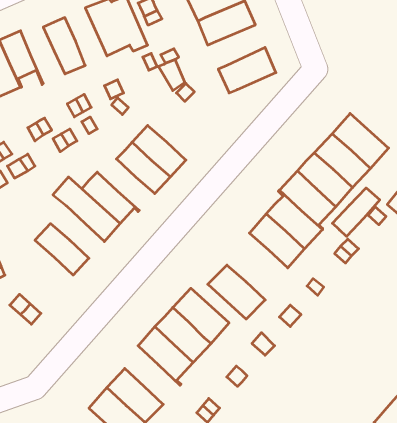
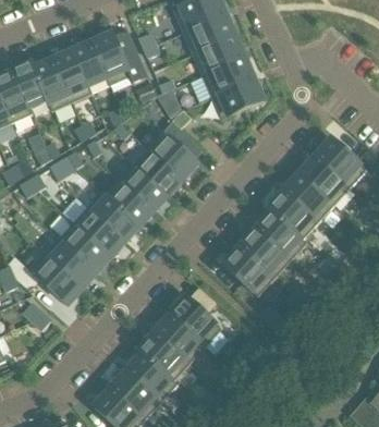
building: none -> [72,41,110,94]
building: none -> [201,57,254,97]
building: none -> [32,59,72,110]
building: none -> [147,121,197,180]
building: none -> [101,179,154,225]
building: [332,188,380,236] -> none
building: none -> [59,221,108,269]
building: none -> [28,253,80,302]
building: [208,265,265,319] -> [222,246,274,295]
building: none -> [126,349,176,402]

